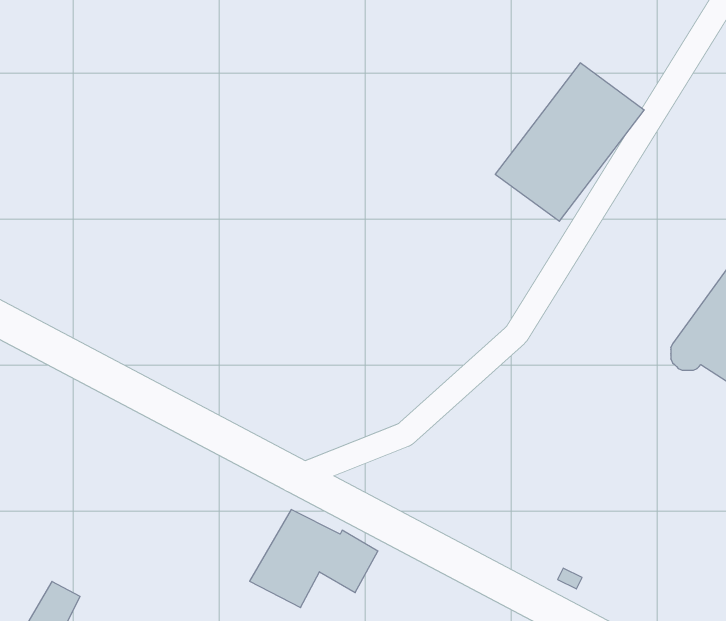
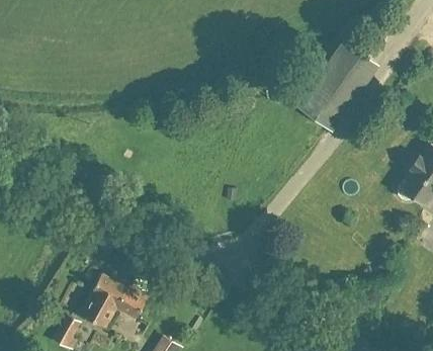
building: [250,510,378,608] -> [79,276,148,329]

